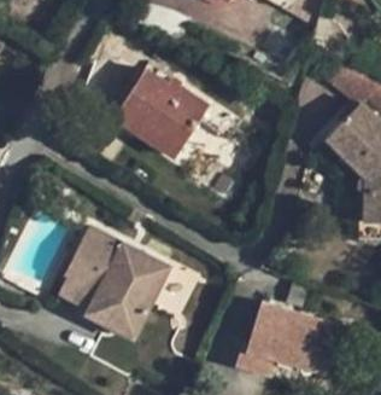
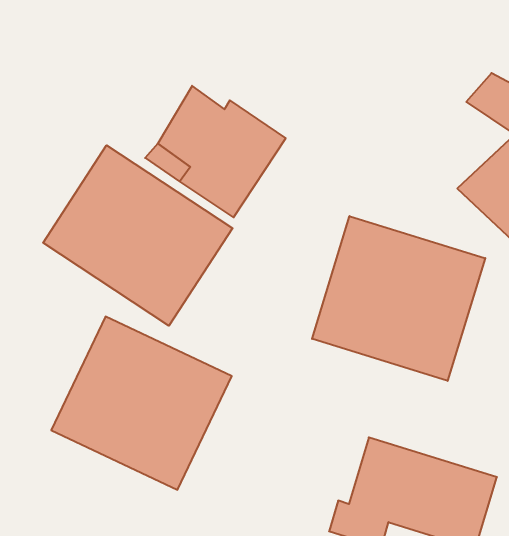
building: none -> [43,145,233,326]
building: none -> [312,216,485,381]

